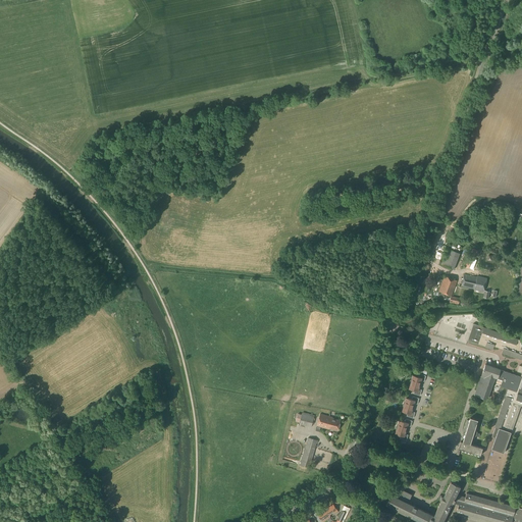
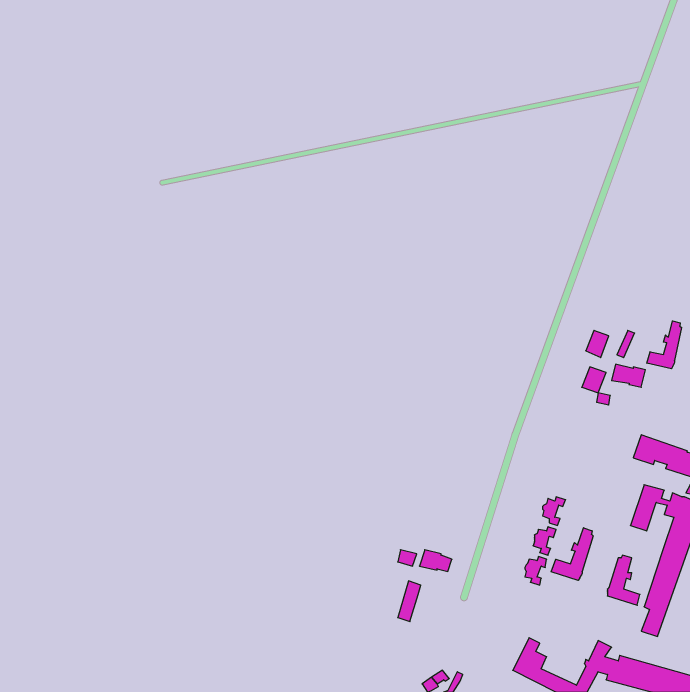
building: none -> [647,321,682,369]
building: none -> [551,528,593,580]

